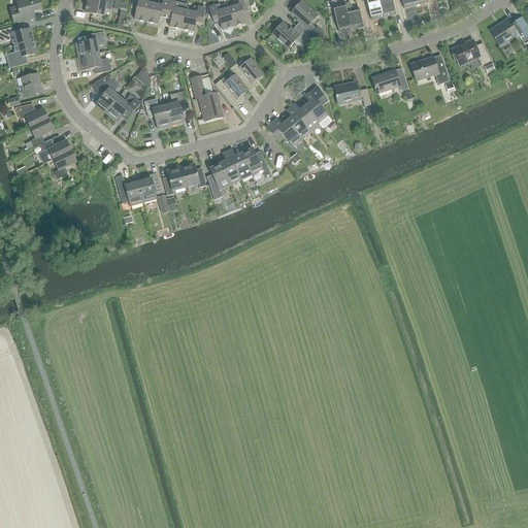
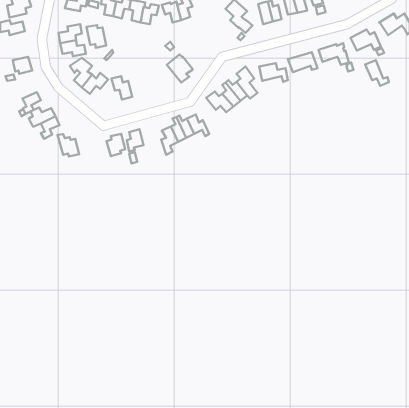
building: [271,21,308,47] -> none
building: none -> [87,25,106,48]
building: [6,40,36,67] -> none
building: [231,58,264,91] -> none
building: [191,75,222,119] -> none
building: none -> [365,60,389,86]
building: [166,91,187,125] -> none
building: [14,102,48,127] -> none
building: [180,163,206,187] -> none
building: [116,175,143,204] -> [58,134,79,157]

